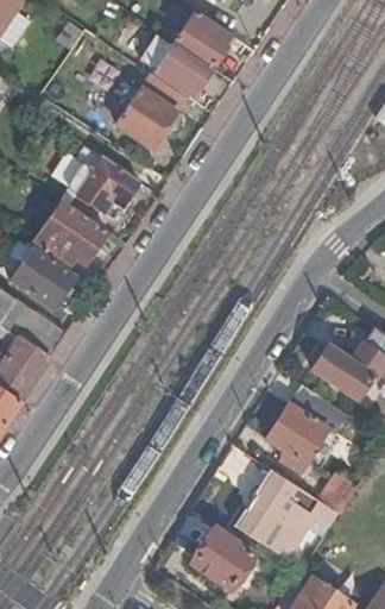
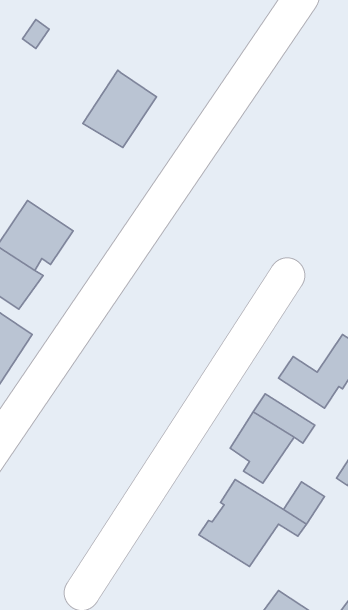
building: [179,8,232,62] -> none
building: [141,33,210,96] -> none
building: [69,156,139,216] -> none
building: [189,530,250,591] -> none

